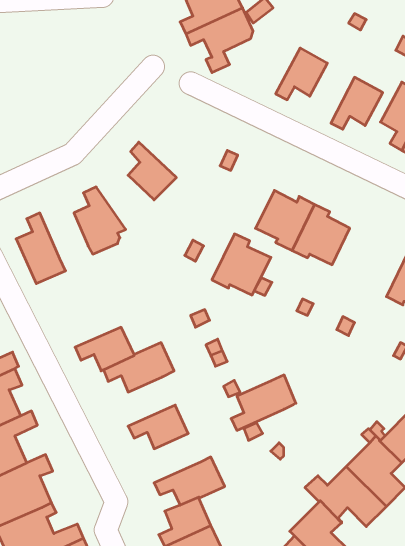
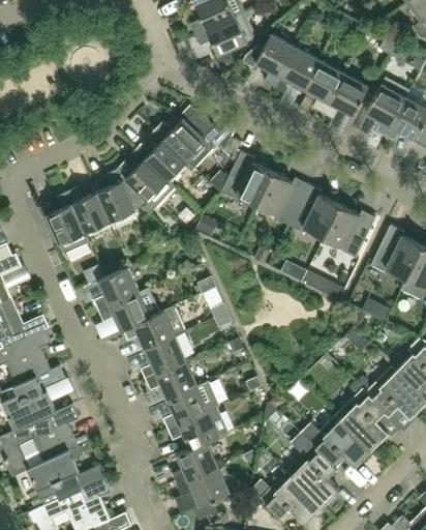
building: none -> [243,35,296,88]
building: none -> [304,61,343,114]
building: none -> [154,111,220,170]
building: none -> [117,159,176,215]
building: none -> [67,187,110,233]
building: none -> [324,206,375,259]
building: [212,234,271,295] -> [221,152,273,206]
building: none -> [93,267,139,311]
building: [231,375,296,430] -> [162,381,219,430]
building: none -> [141,336,186,380]

